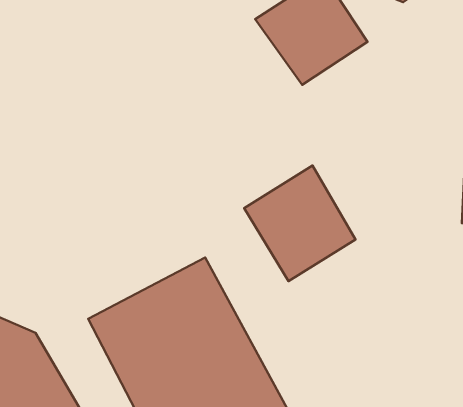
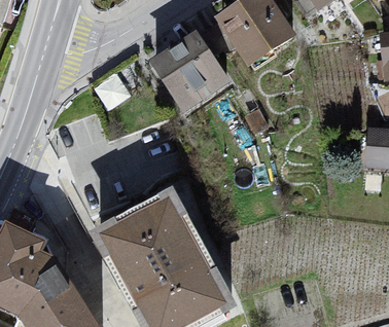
building: [244,165,355,281] -> [150,32,231,115]

